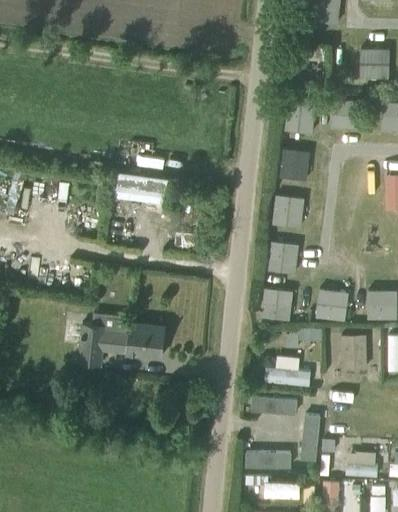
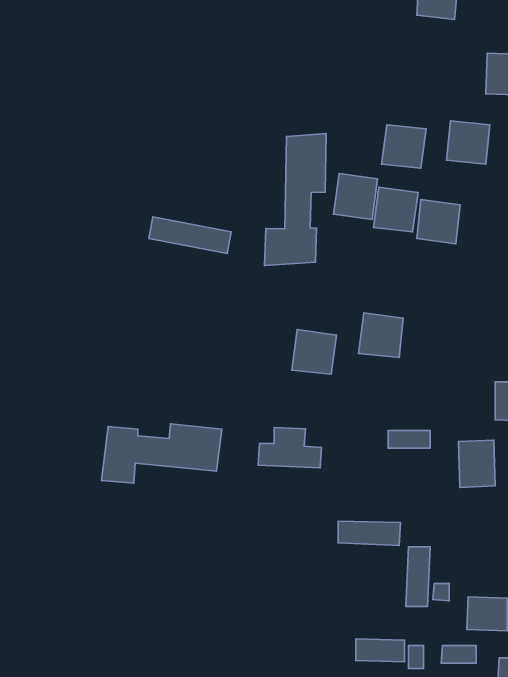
building: none -> [265,134,326,265]
building: none -> [333,174,378,219]
building: [272,195,304,228] -> [417,199,460,244]
building: [260,288,293,321] -> [292,330,336,374]
building: [315,289,348,322] -> none
building: [264,355,311,385] -> [258,427,322,468]
building: [245,450,291,467] -> none

